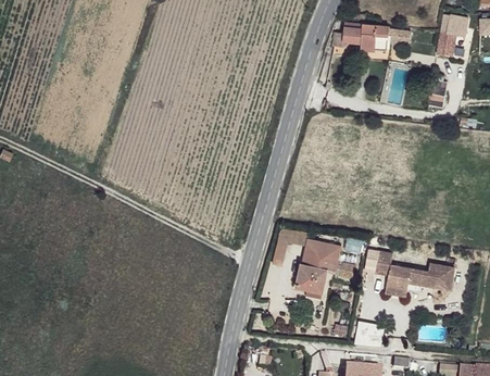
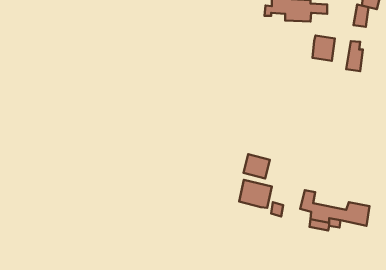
building: none -> [313,36,335,61]
building: [297,260,327,288] -> [244,154,270,179]

